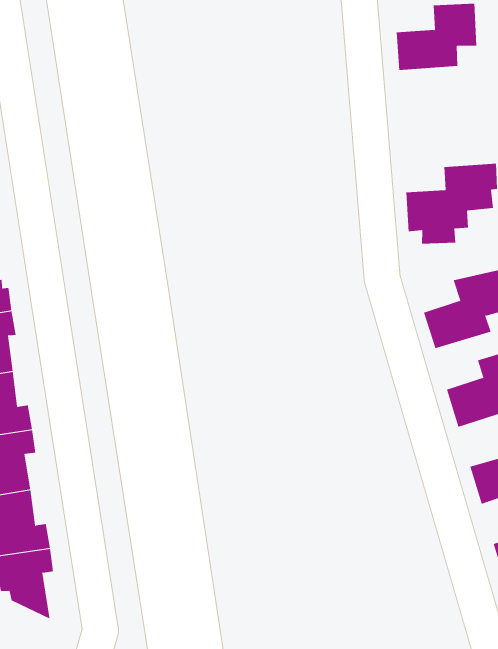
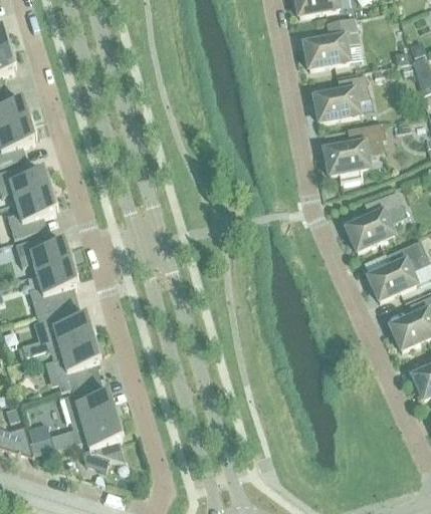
building: none -> [313,75,369,122]

